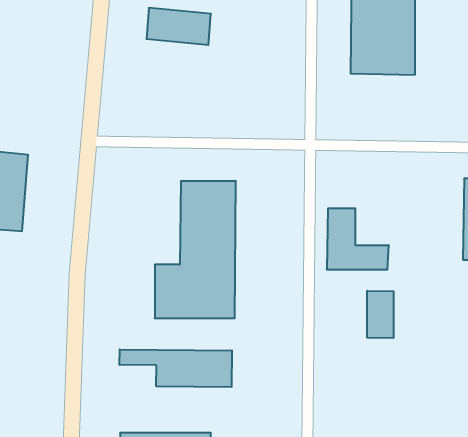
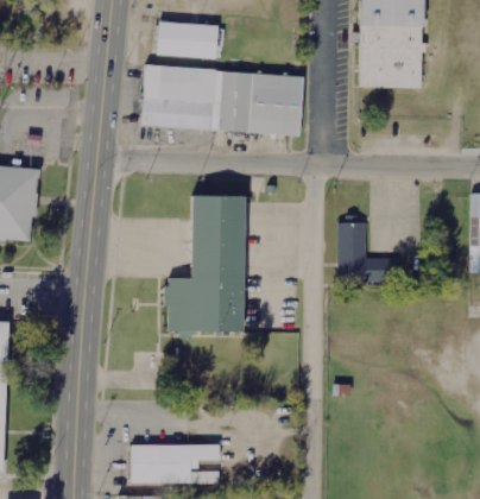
building: none -> [140,65,303,134]
building: [367,291,394,338] -> none
building: [120,349,232,387] -> none

